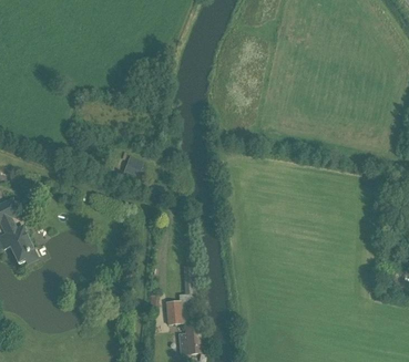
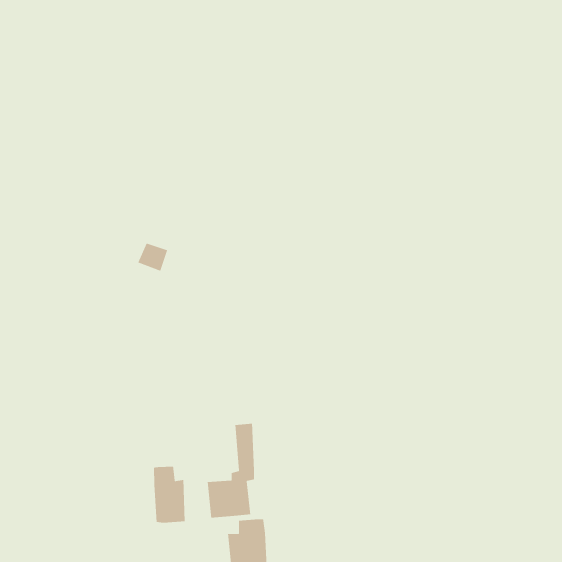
building: none -> [153,466,186,523]

